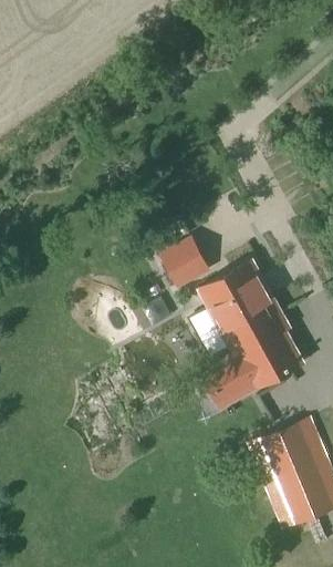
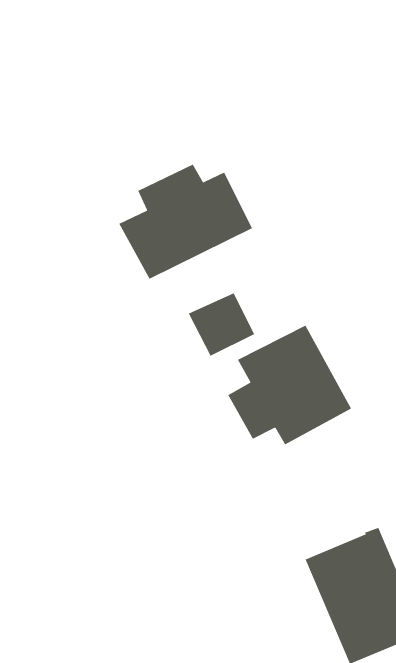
building: none -> [118,163,253,280]
building: [205,327,303,406] -> none

